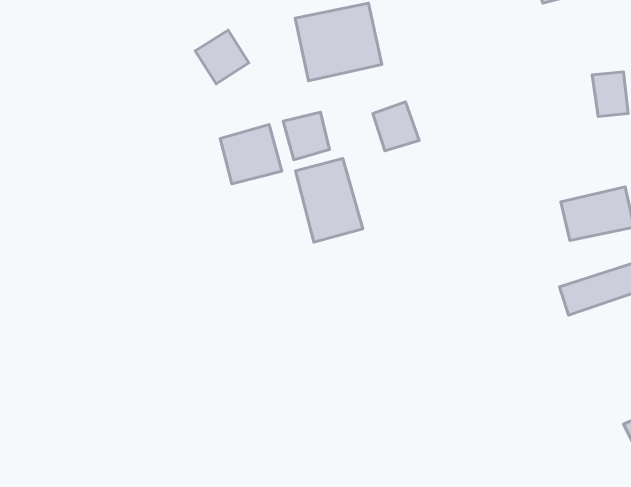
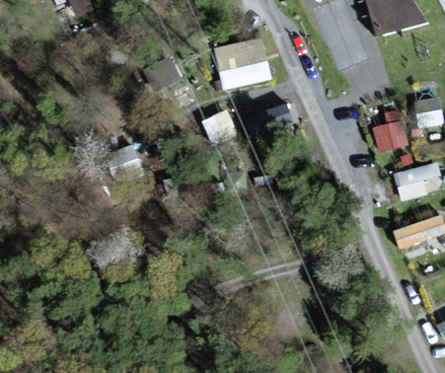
building: none -> [369,108,407,153]
building: [220,124,282,184] -> none
building: [295,159,363,242] -> none

